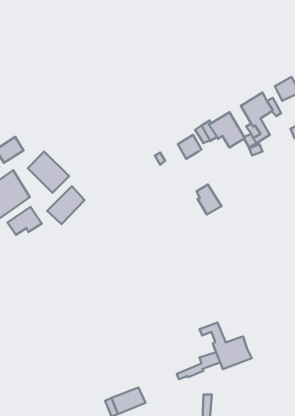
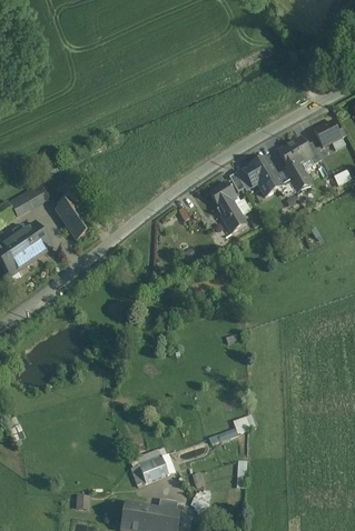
building: [197,184,221,214] -> [219,200,246,232]
building: [47,186,84,224] -> none
building: [7,207,42,235] -> none
building: [200,322,252,369] -> none

